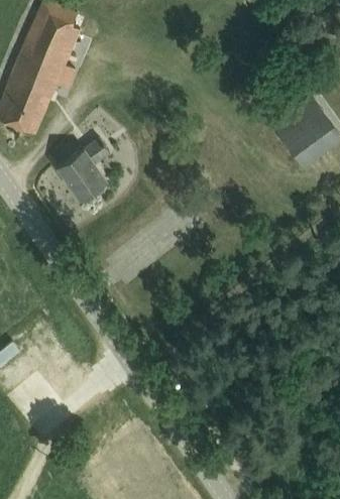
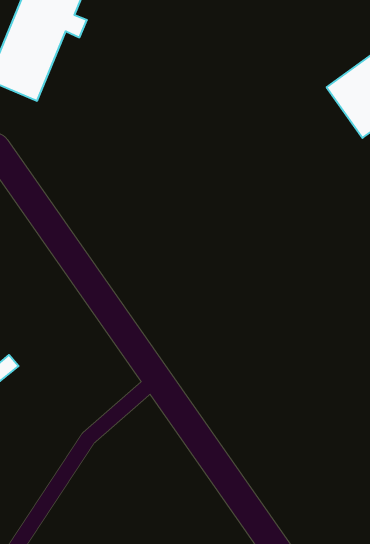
building: [59,141,111,202] -> none

